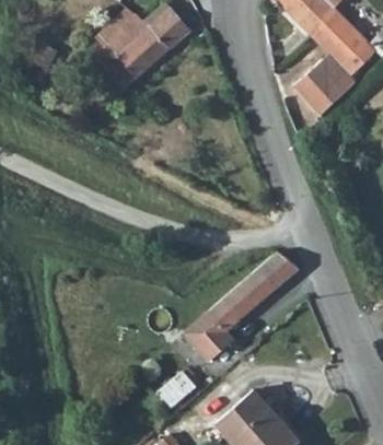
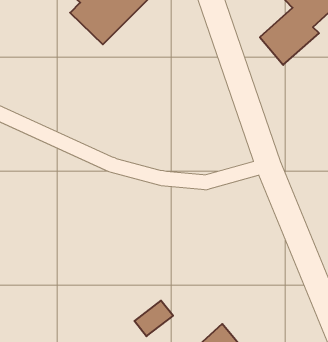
building: [197,250,298,340] -> none

